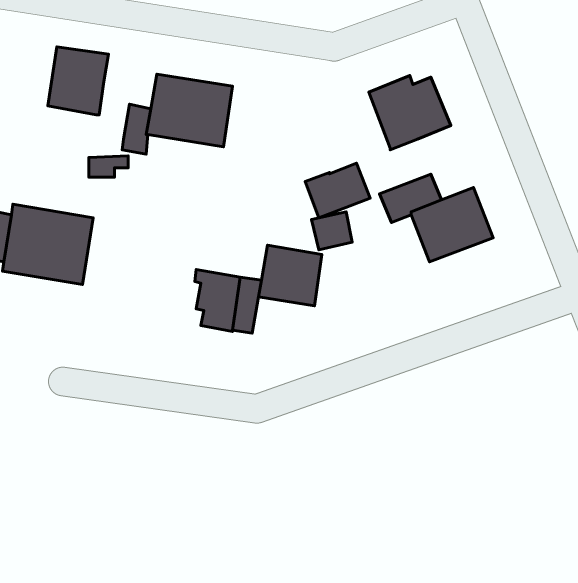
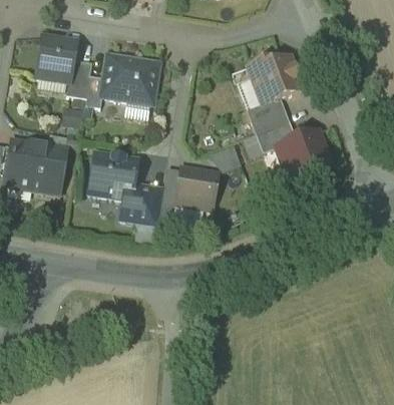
building: none -> [65,58,91,96]
building: [305,163,370,218] -> [246,96,289,132]
building: none -> [87,152,138,220]

